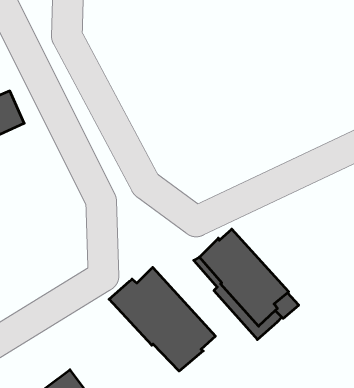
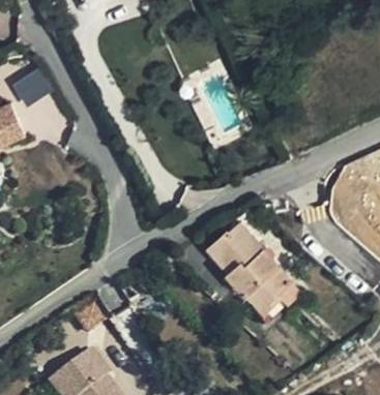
building: [109,267,215,371] -> none

